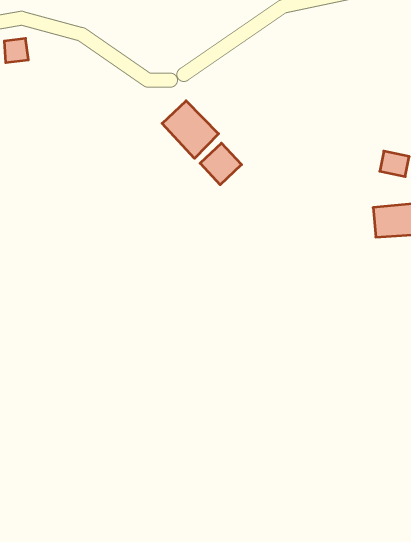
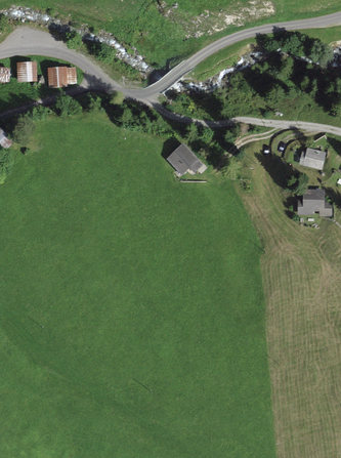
building: none -> [48,68,71,86]
building: [162,101,219,158] -> none

